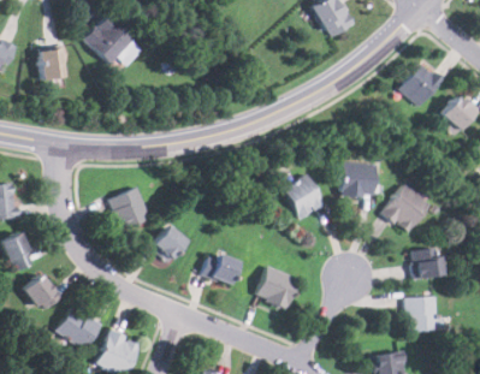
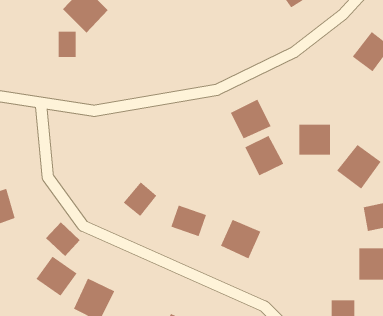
building: [42,48,63,77] -> [58,31,77,58]
building: none -> [230,99,272,139]
building: [108,188,148,230] -> none
building: [22,273,60,311] -> [45,221,81,257]

